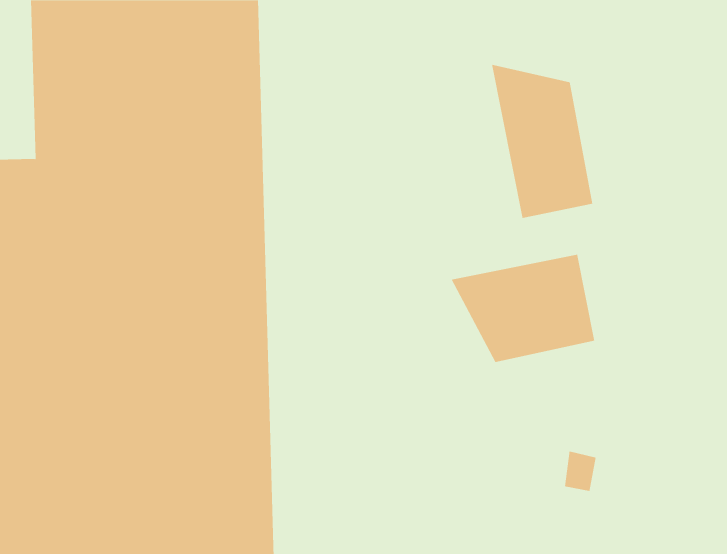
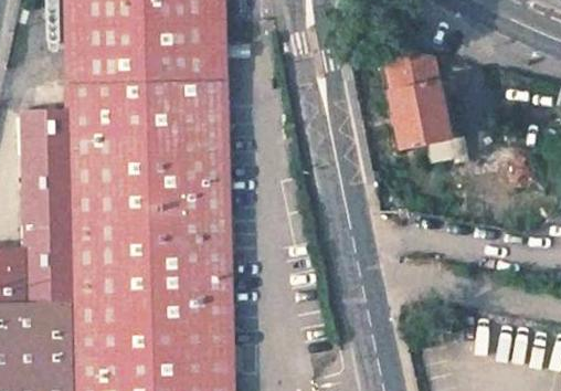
building: [451,254,595,363] -> none

